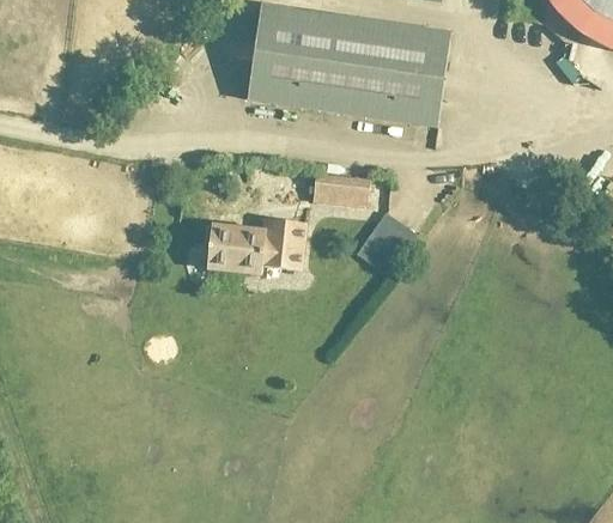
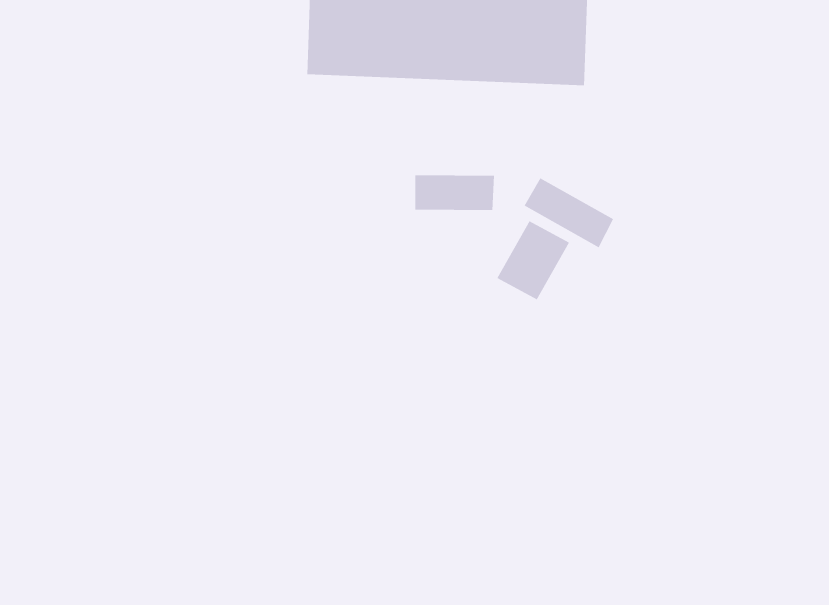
building: none -> [524,178,614,248]
building: [206,219,304,273] -> none

